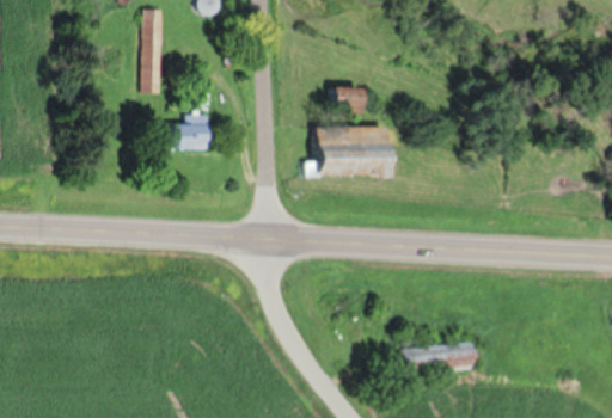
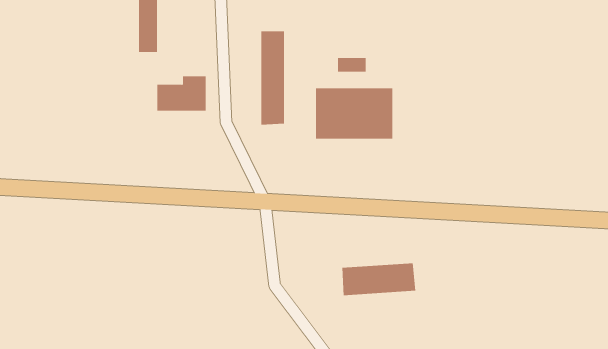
building: none -> [261,30,285,126]
building: [404,340,477,373] -> [342,263,416,296]

